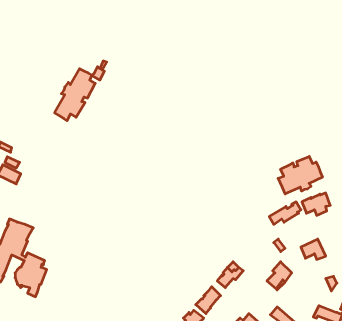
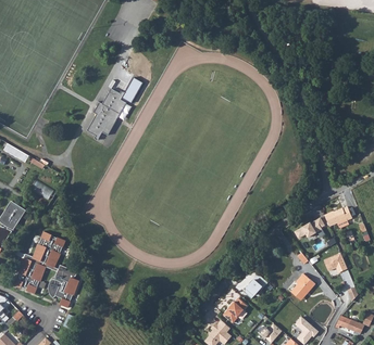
building: [278,156,322,194] -> none

